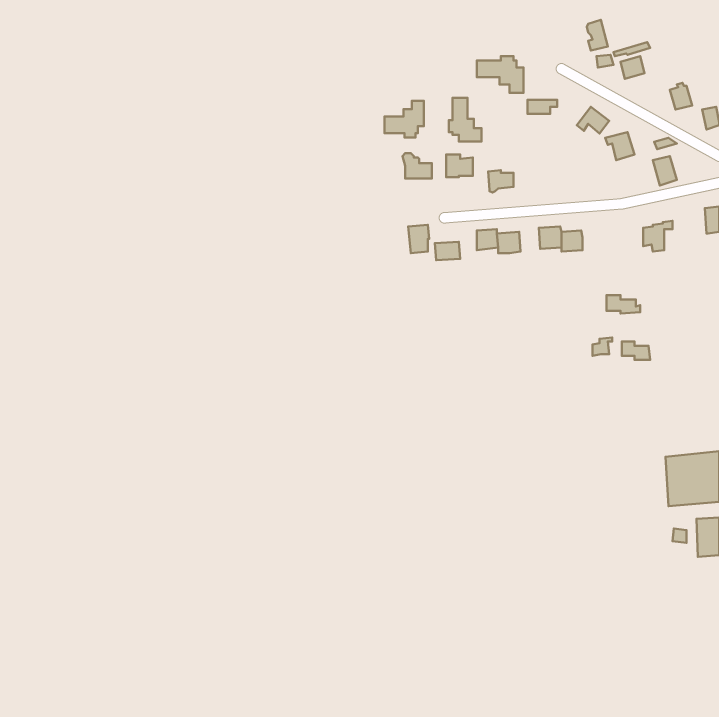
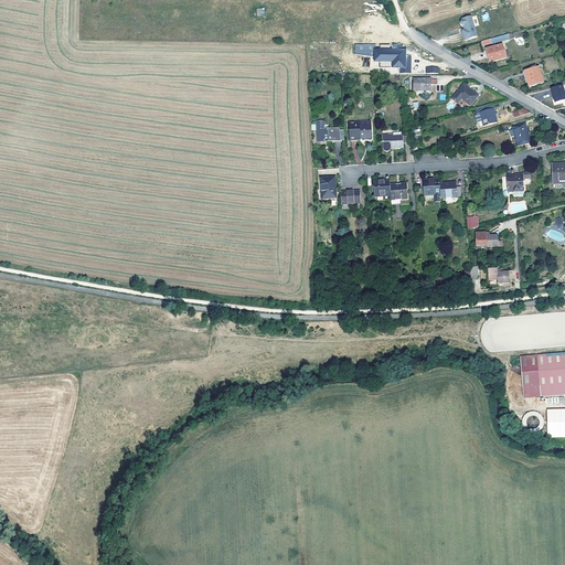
building: [449,98,481,141] -> none
building: [384,101,424,138] -> none

